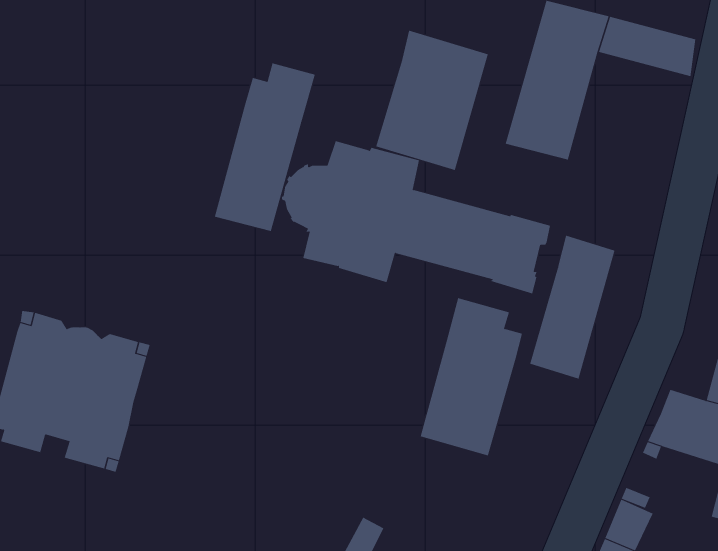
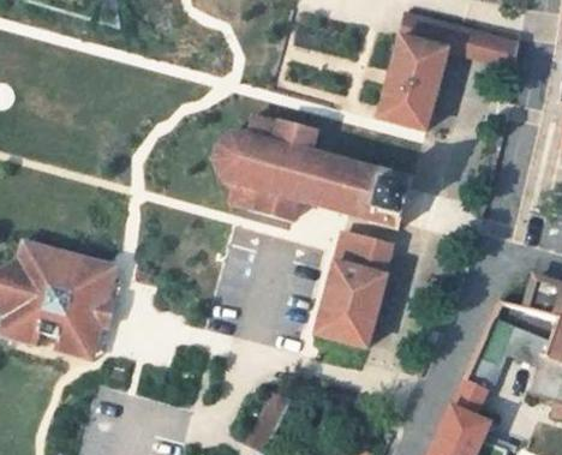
building: [376,30,488,171] -> none
building: [214,62,315,232] -> none
building: [530,235,615,380] -> none

